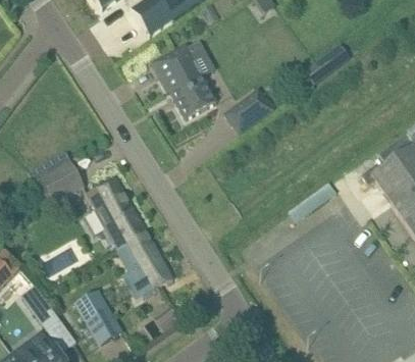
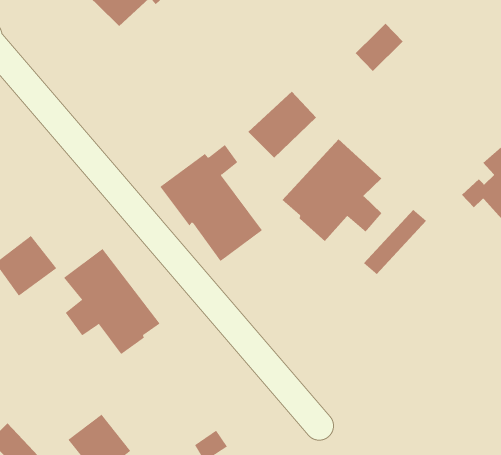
building: [152,40,217,118] -> [160,144,263,262]
building: none -> [281,138,382,242]
building: [118,232,173,299] -> none

